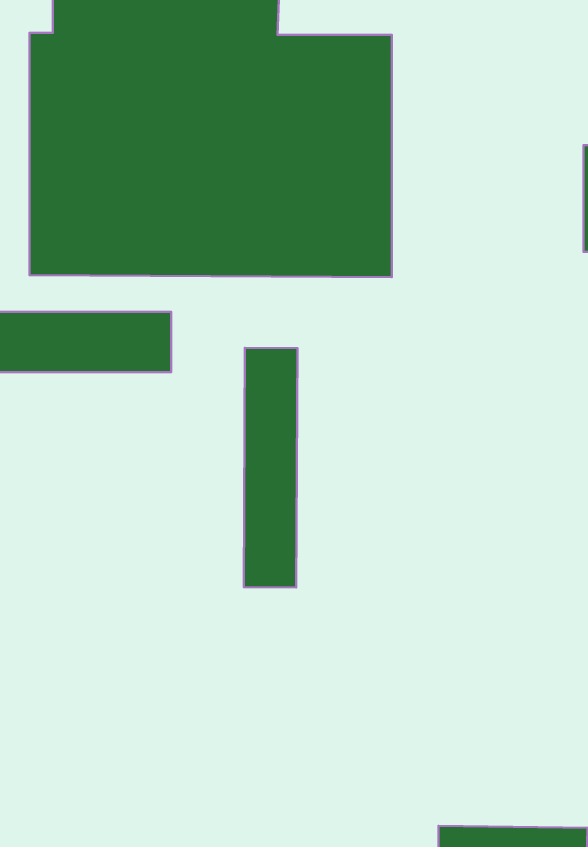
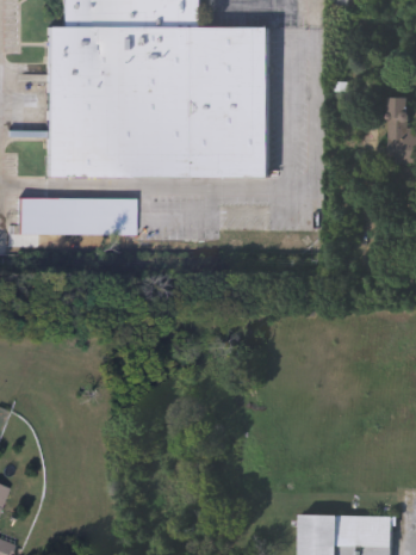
building: [244,348,298,588] -> none

